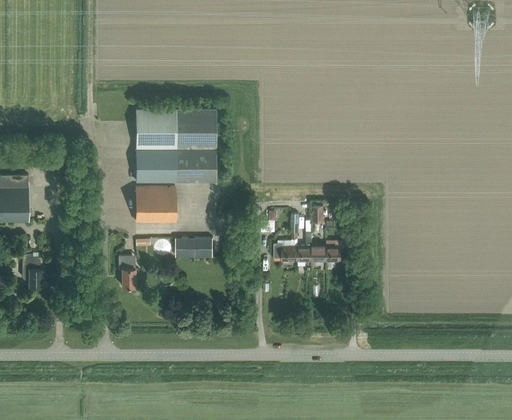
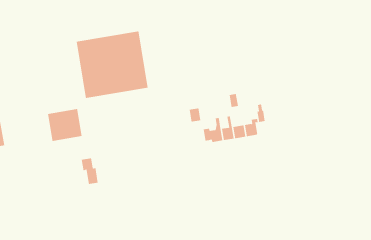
building: [136,187,175,222] -> [47,109,83,142]
building: [175,237,213,258] -> none
building: [22,253,42,287] -> none

